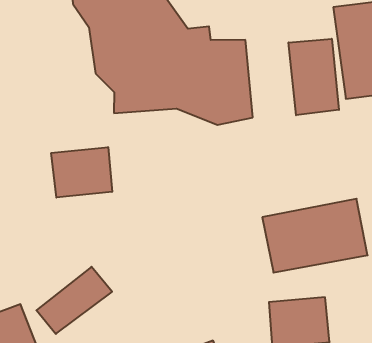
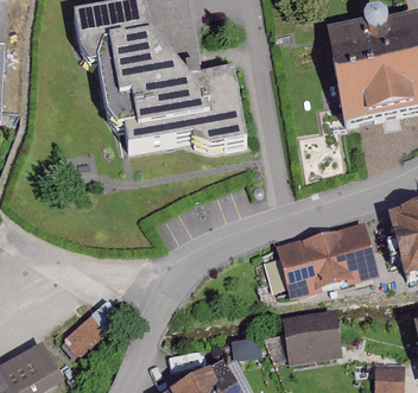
building: [289,39,339,115] -> none
building: [51,147,112,198] -> none

